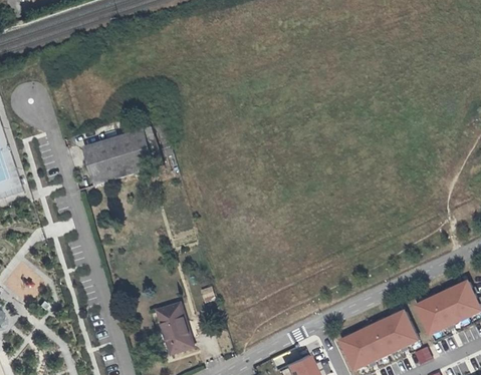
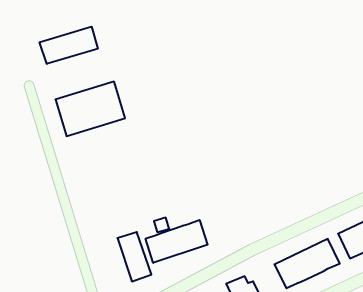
building: none -> [40,27,98,64]
building: none -> [146,220,208,263]

